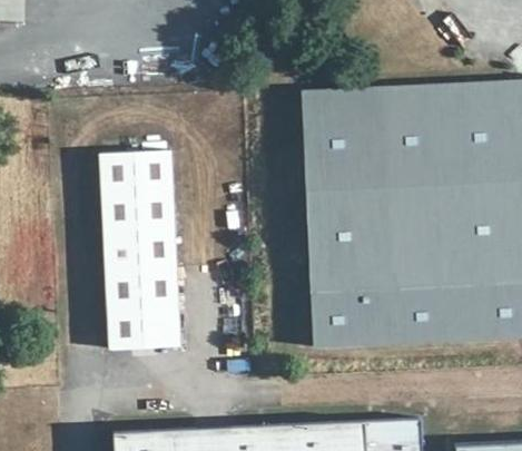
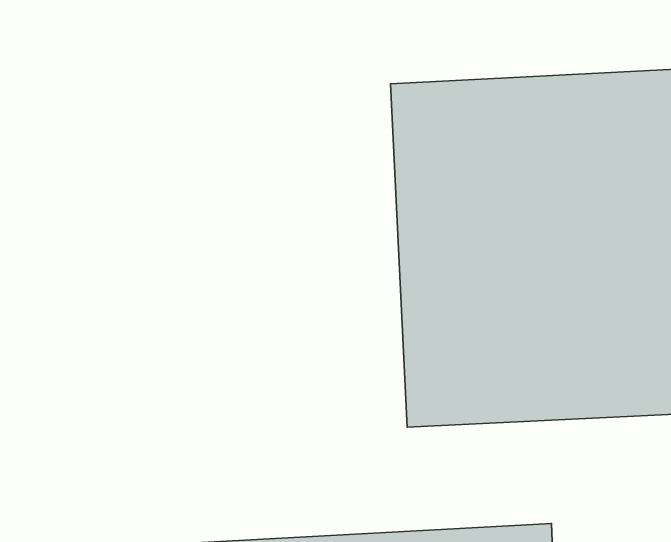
building: [99,150,179,350] -> none

